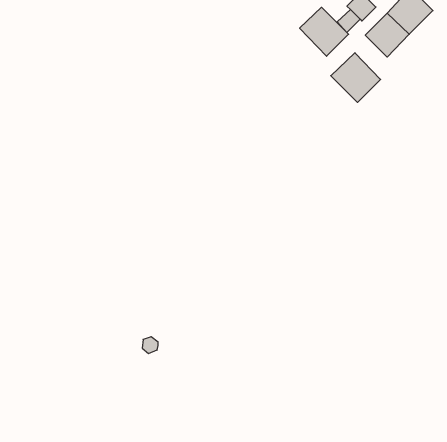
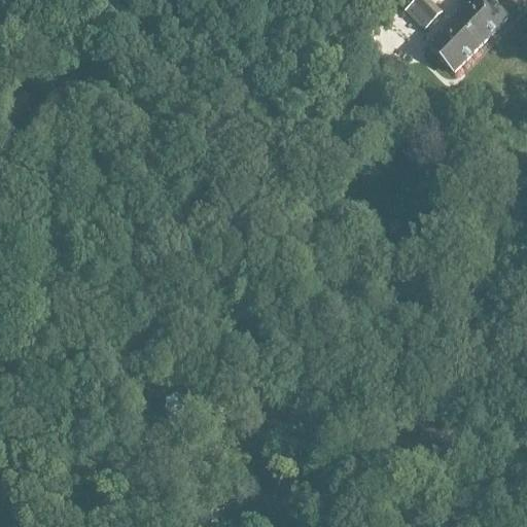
building: [300,7,349,56] -> none
building: [331,53,381,102] -> none

